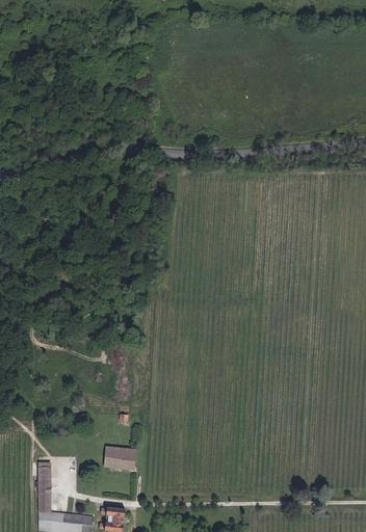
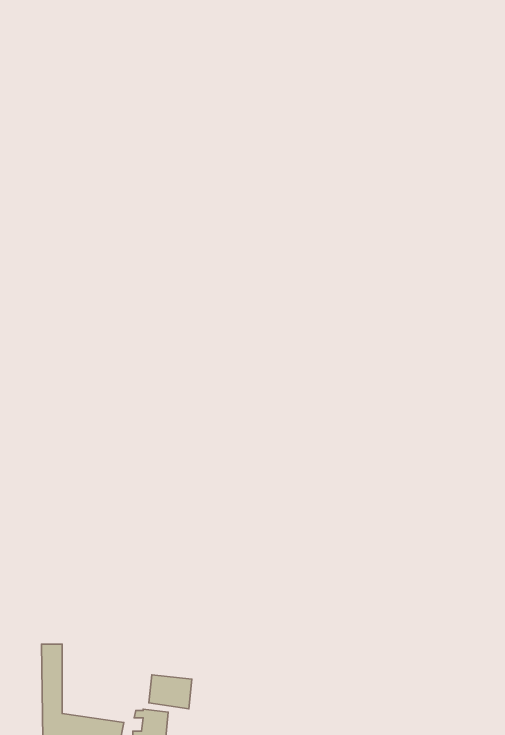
building: [109,449,139,473] -> [149,675,192,709]

